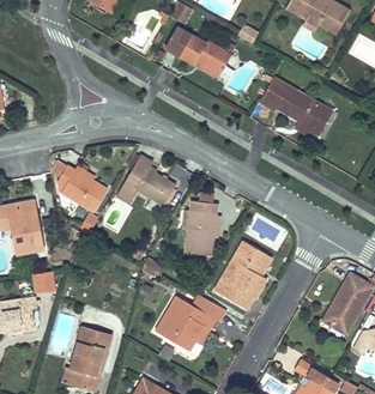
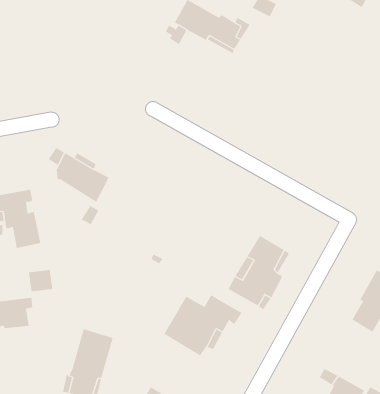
building: [259,77,333,135] -> none
building: [119,159,175,205] -> none
building: [185,200,216,254] -> none

